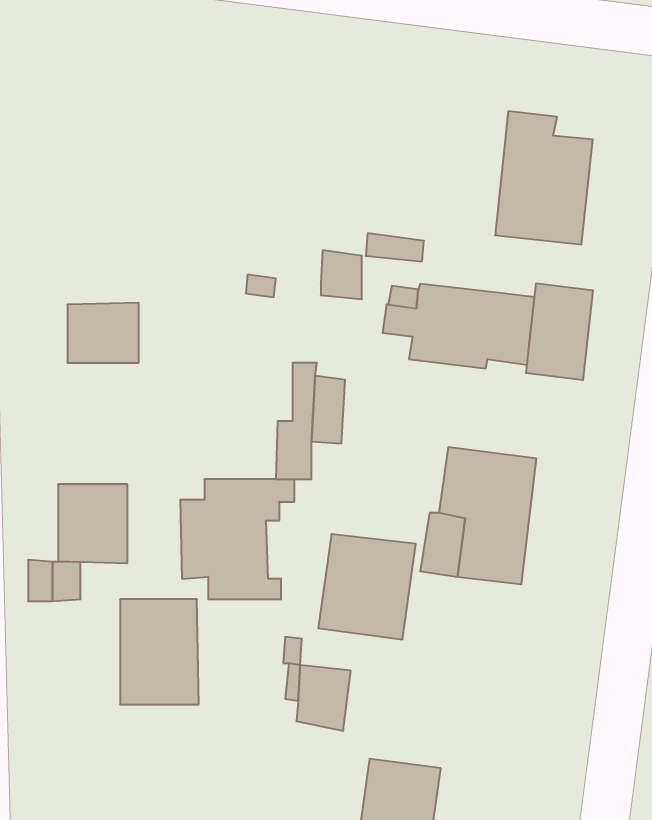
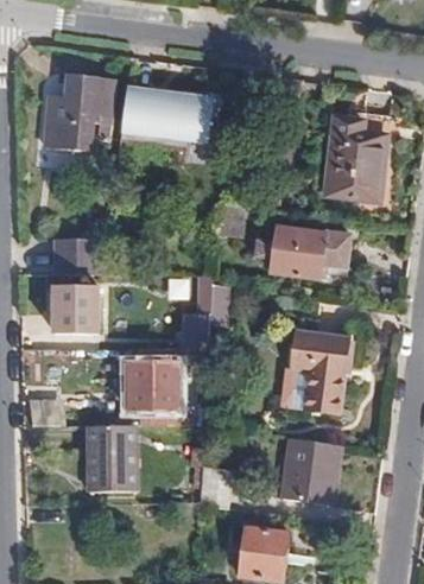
building: none -> [43,74,115,152]
building: none -> [121,87,214,141]
building: [526,283,593,380] -> none
building: [58,484,127,563] -> [53,285,97,335]
building: [318,534,416,639] -> [279,439,341,506]

